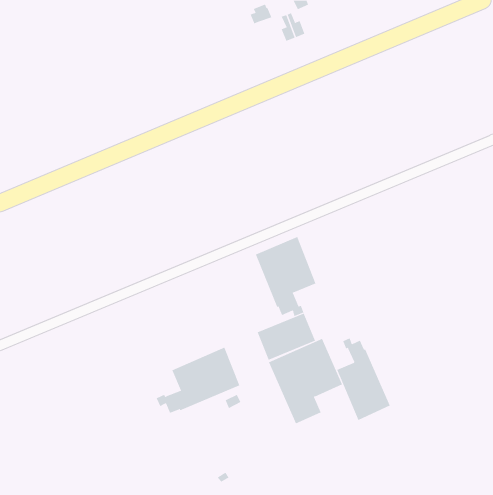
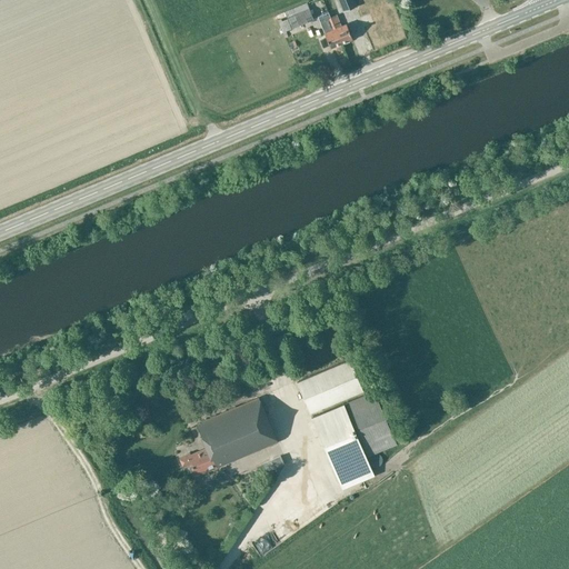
building: [255,236,316,317] -> none
building: [337,338,390,421] -> none

